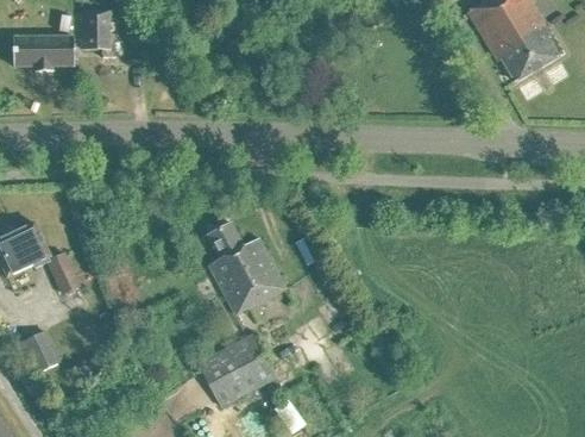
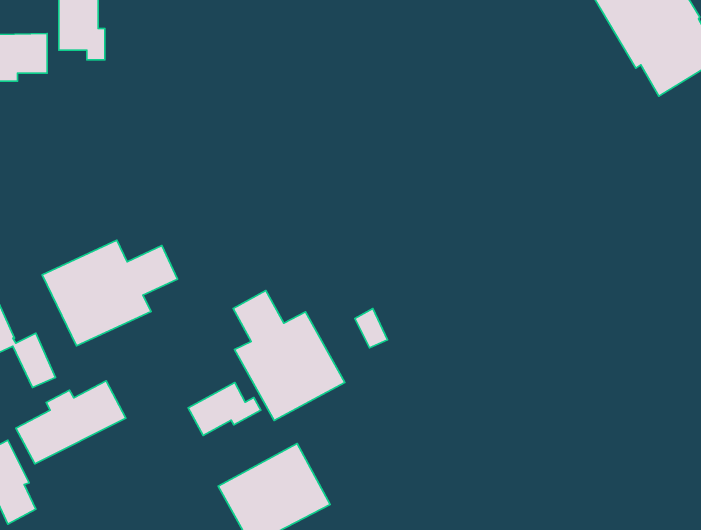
building: none -> [42,240,177,346]
building: none -> [16,381,126,464]
building: none -> [188,382,261,435]

